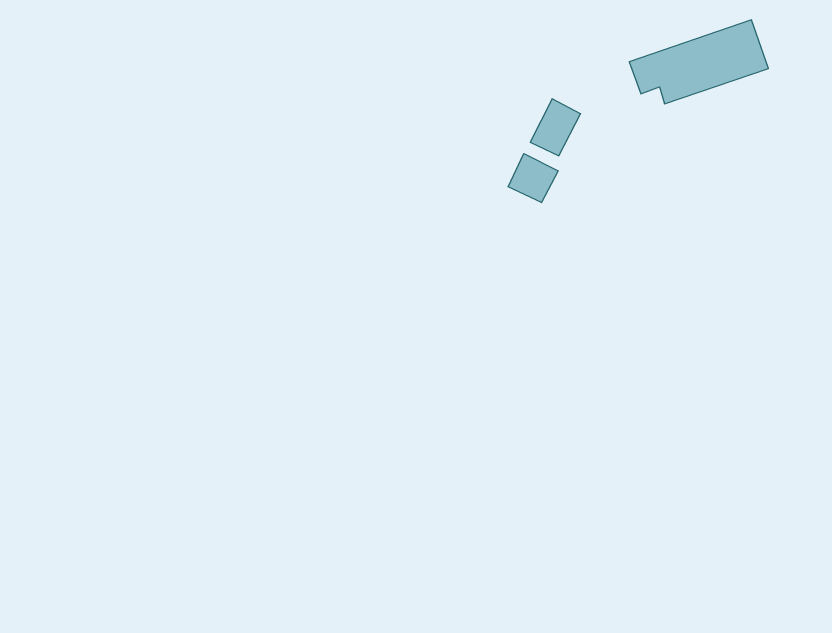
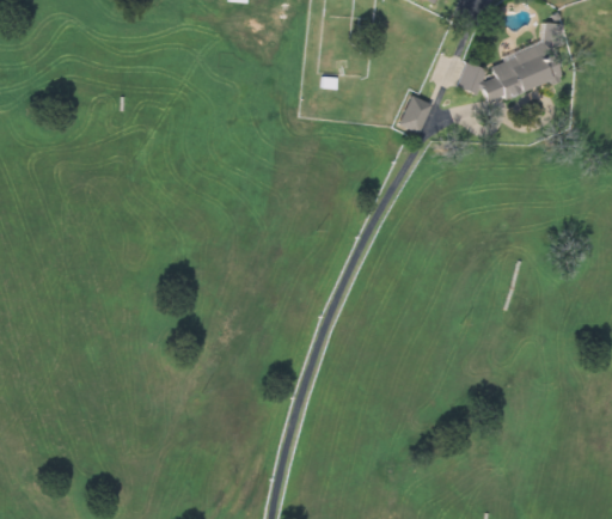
building: [508,154,558,203] -> none

